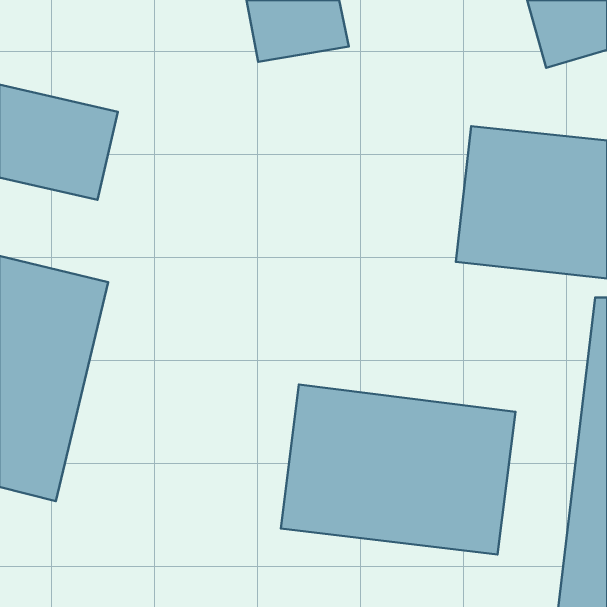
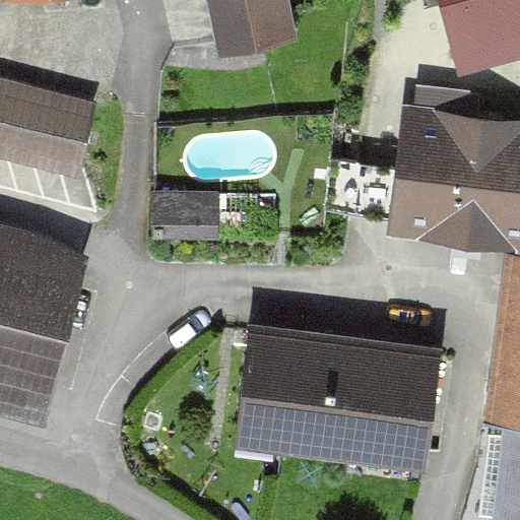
building: none -> [154,190,220,241]

